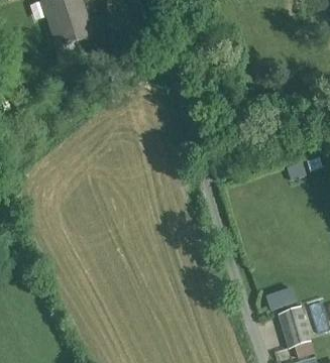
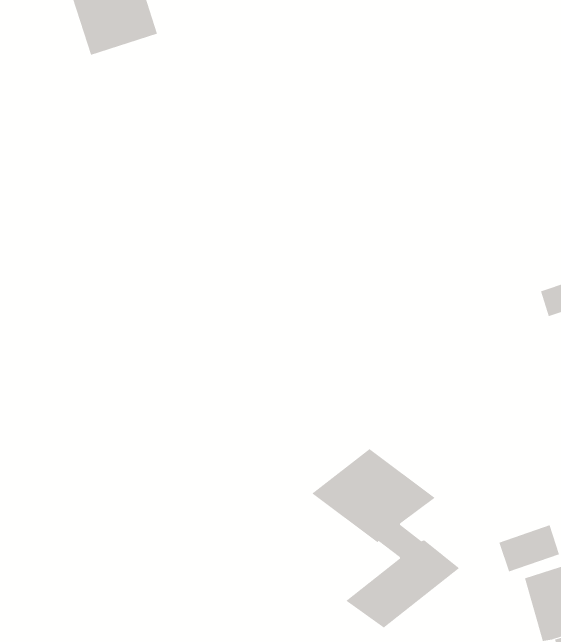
building: none -> [311,448,460,628]

